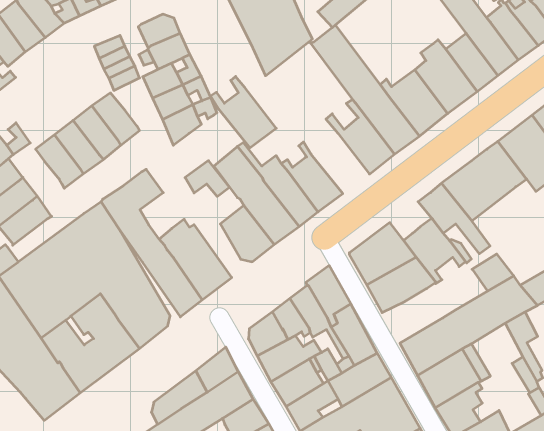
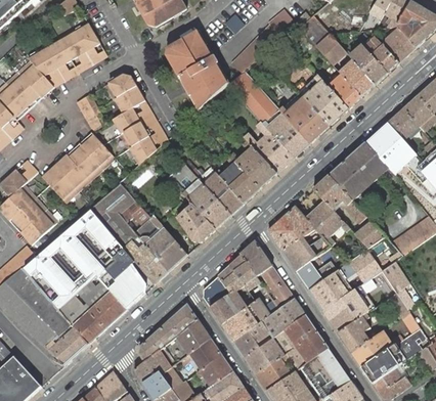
building: [210,76,276,148] -> [228,139,276,188]
building: [185,161,230,196] -> [118,198,149,223]
building: none -> [294,259,337,289]

